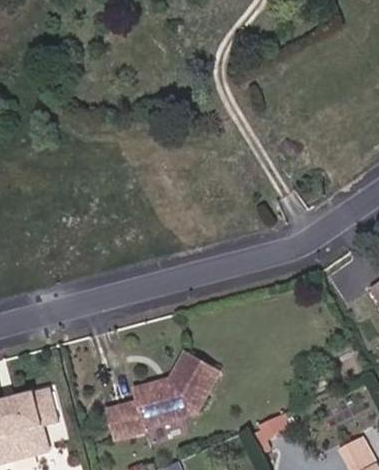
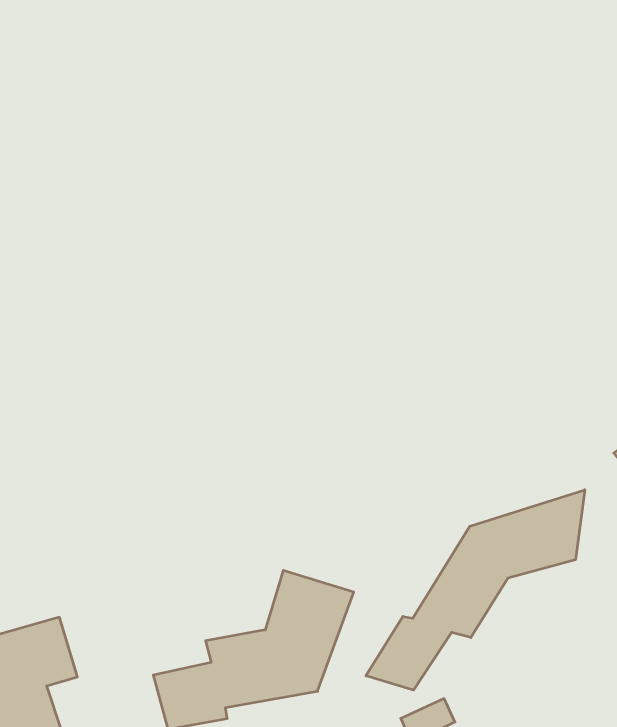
building: none -> [366,490,585,690]

